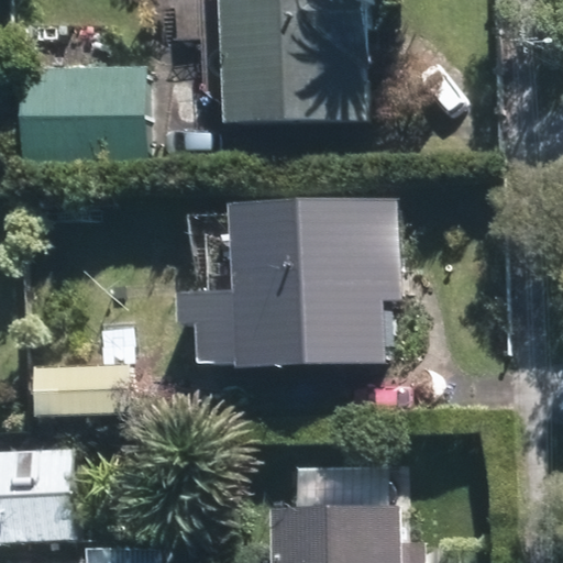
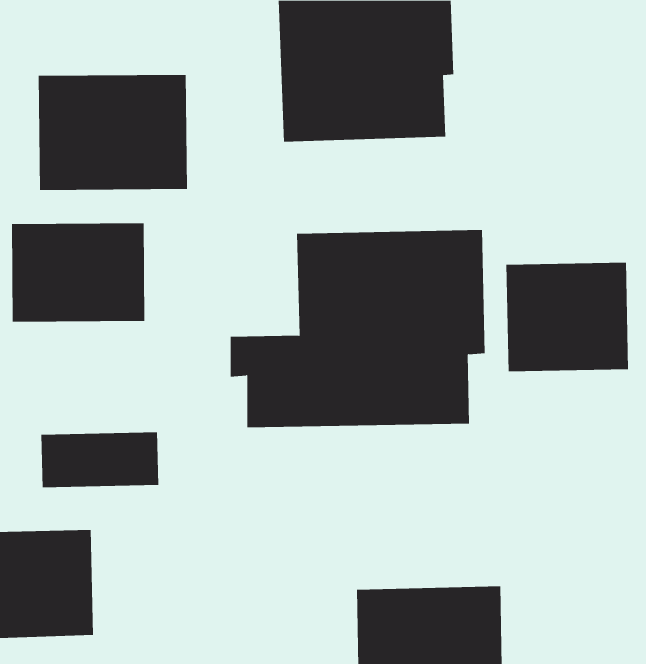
building: none -> [11,222,145,323]
building: none -> [506,262,628,372]

